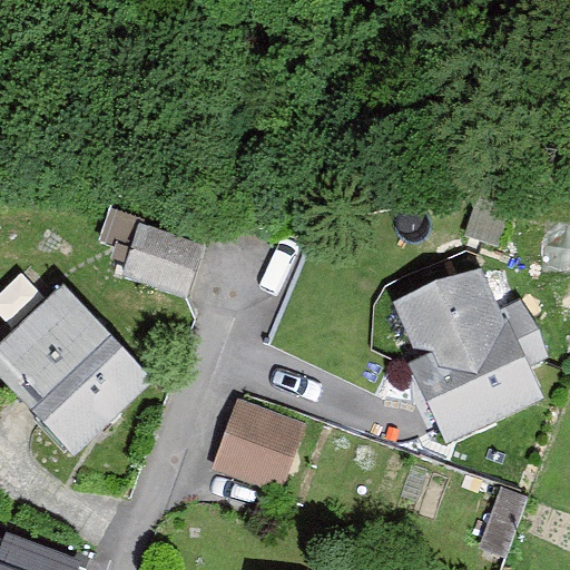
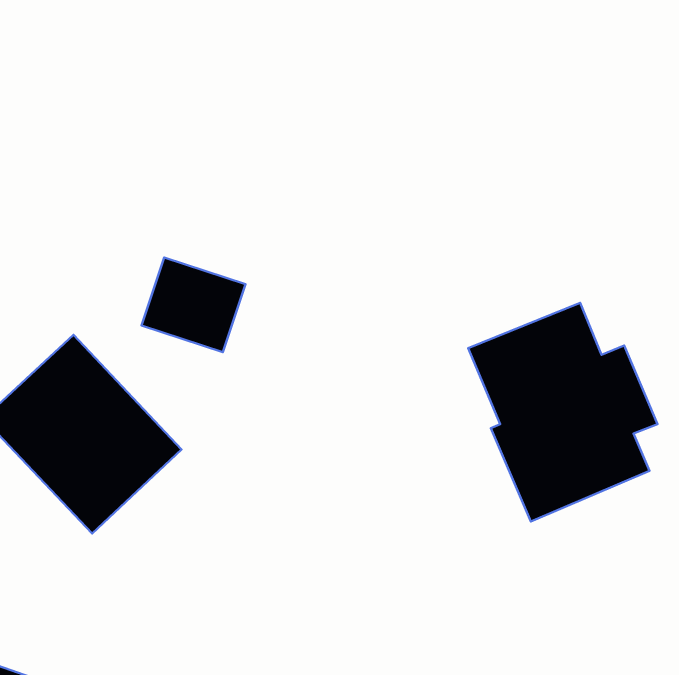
building: [213,402,299,497] -> none

